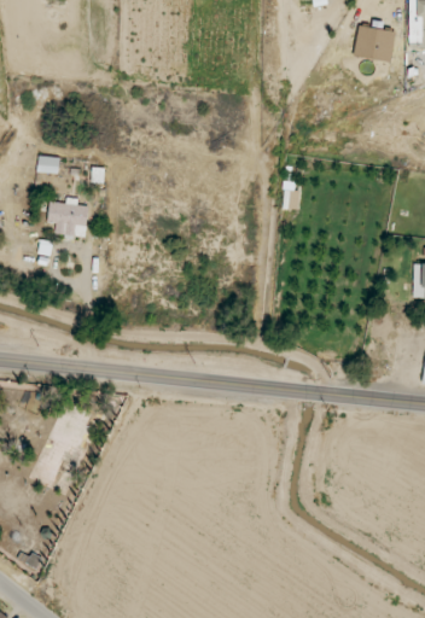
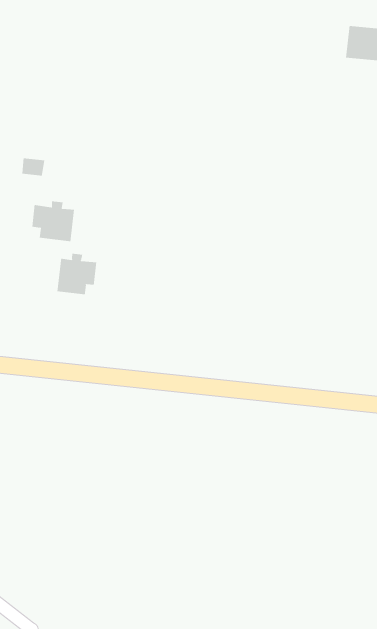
building: none -> [57,253,97,295]

